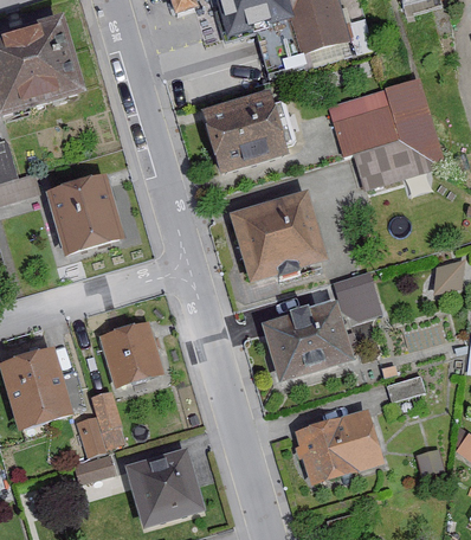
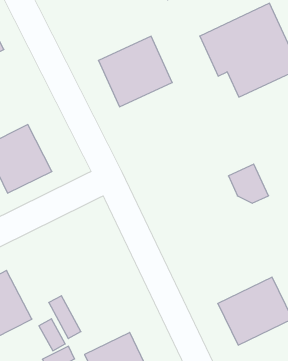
building: [232,191,328,282] -> none
building: [262,302,354,384] -> none
building: [99,321,162,385] -> none

